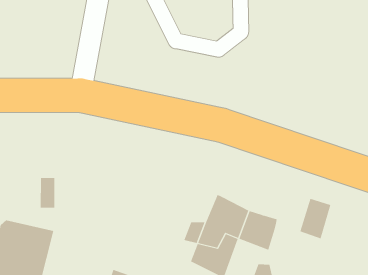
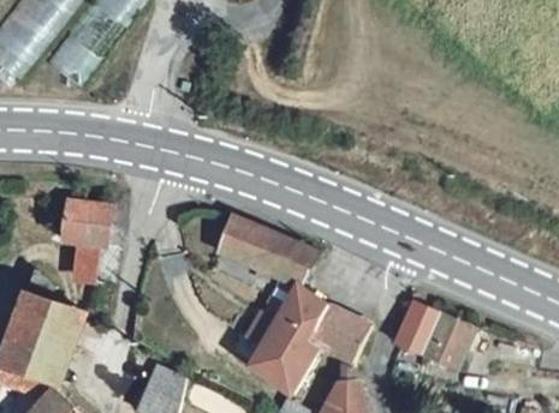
building: none -> [215,214,317,288]
building: none -> [55,202,103,245]
building: none -> [421,311,469,366]

